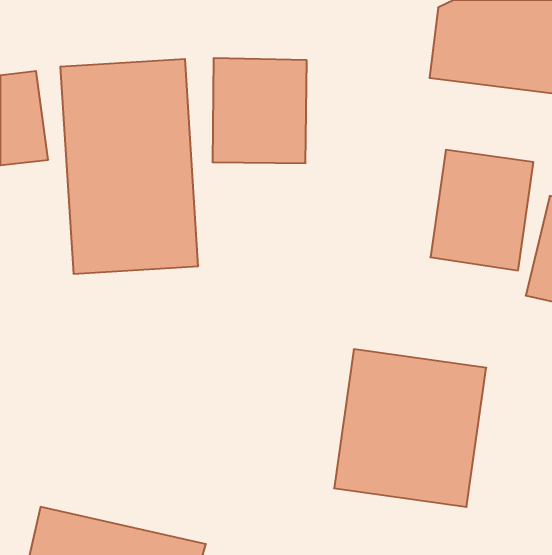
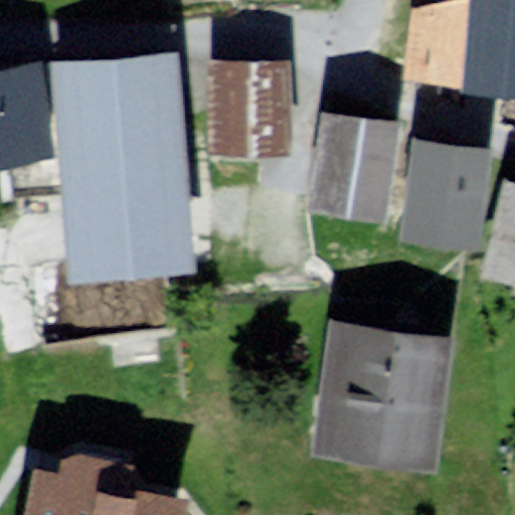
building: none -> [312,111,408,220]

